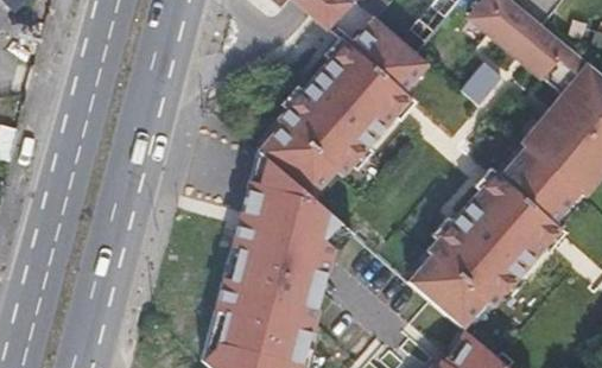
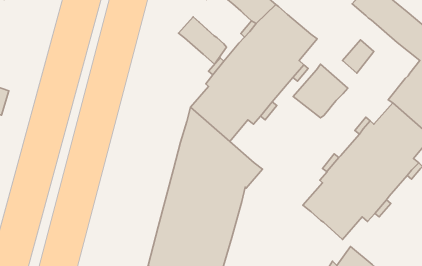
building: none -> [179,17,227,64]
building: none -> [293,64,348,118]

